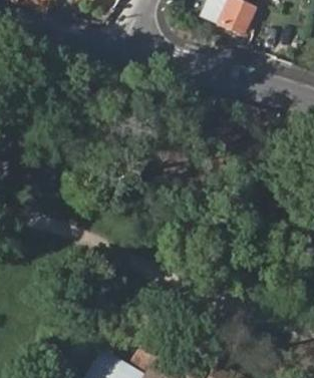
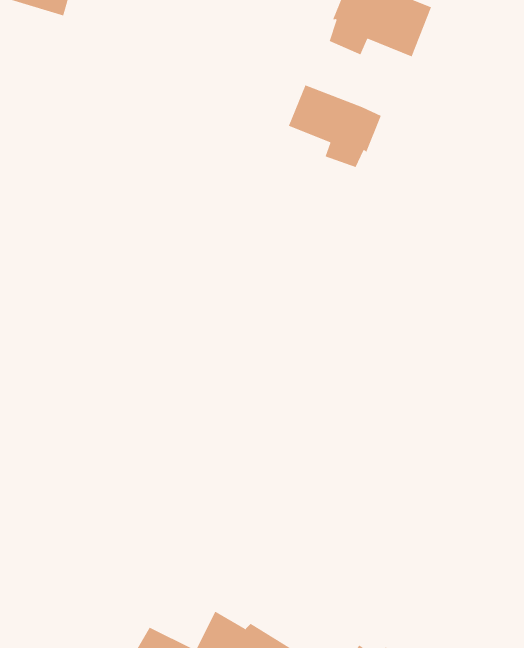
building: none -> [288,84,381,168]

